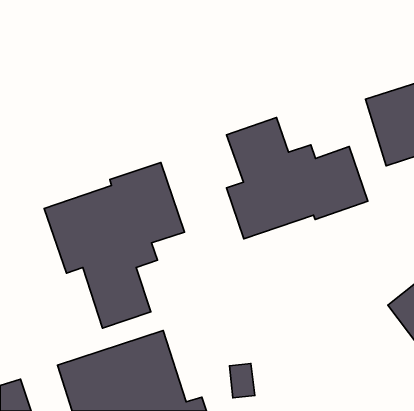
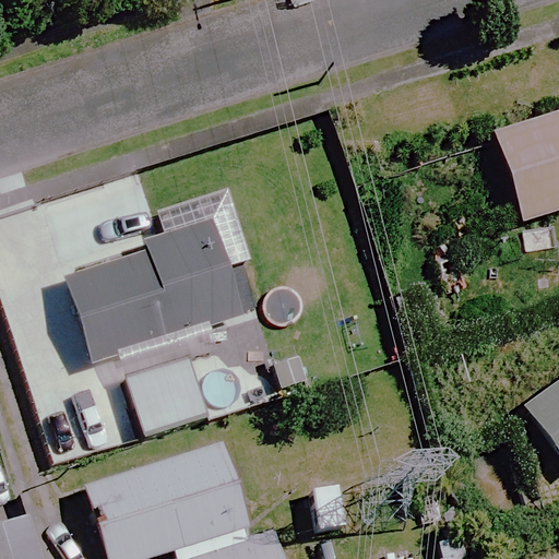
building: [226,118,368,239] -> none

